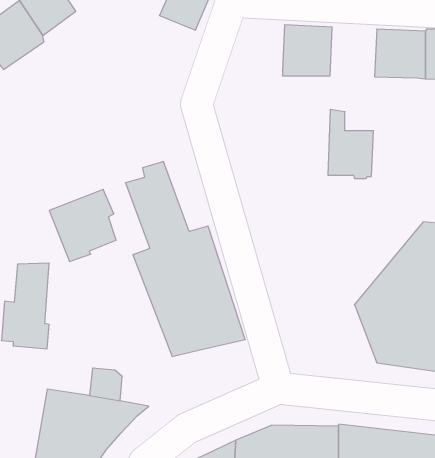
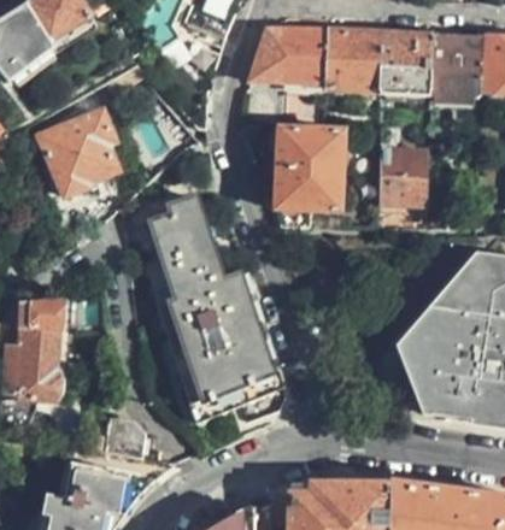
building: none -> [249,16,327,82]
building: none -> [378,33,431,95]
building: none -> [275,128,342,226]
building: [49,189,116,261] -> [40,112,116,194]

